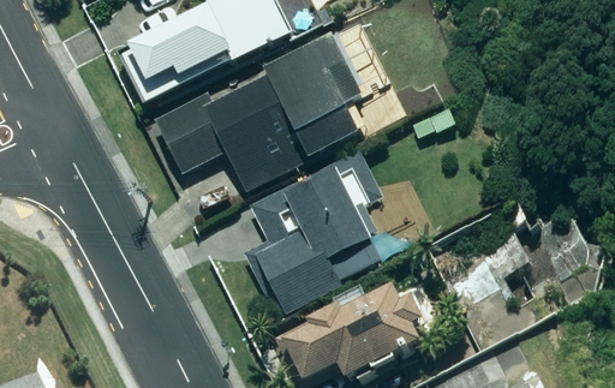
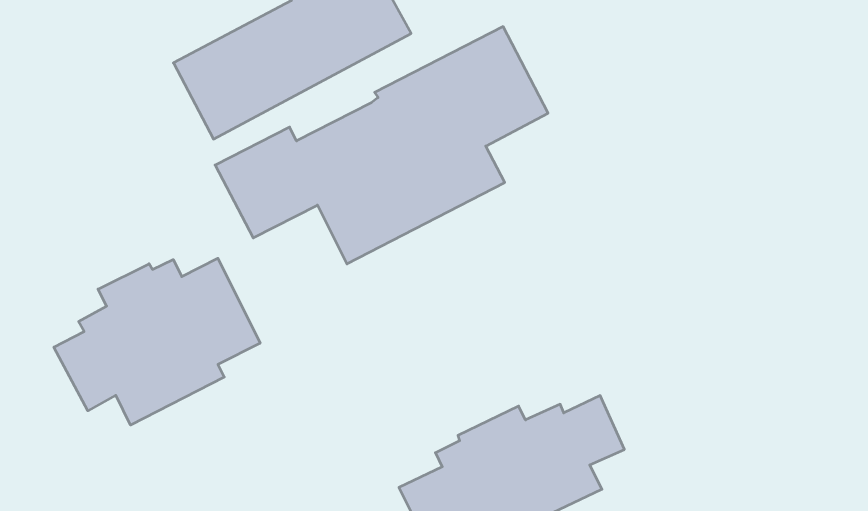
building: [245,142,387,314] -> none
building: none -> [54,258,260,425]

